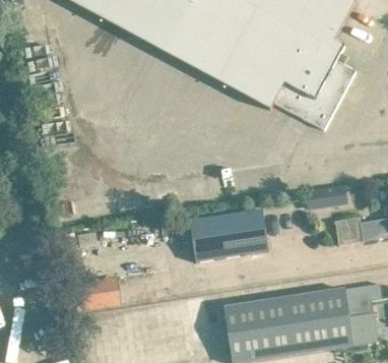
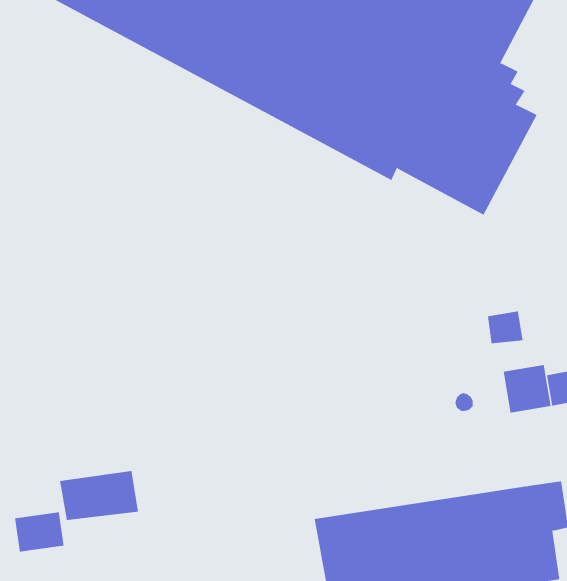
building: [189,208,268,259] -> none
building: none -> [15,512,64,552]

